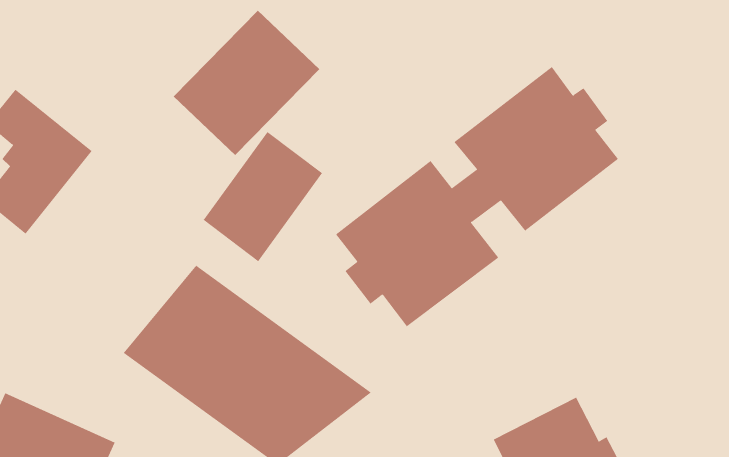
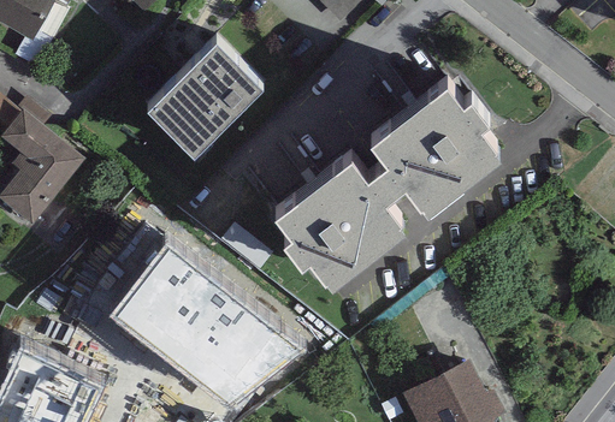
building: [203,131,323,262] -> none

